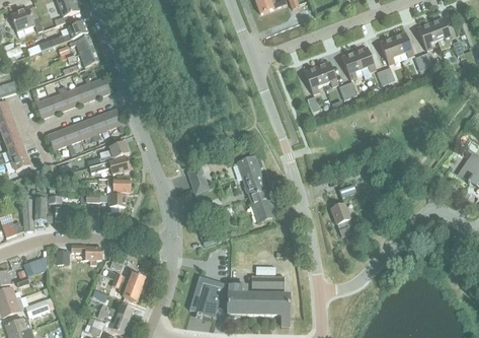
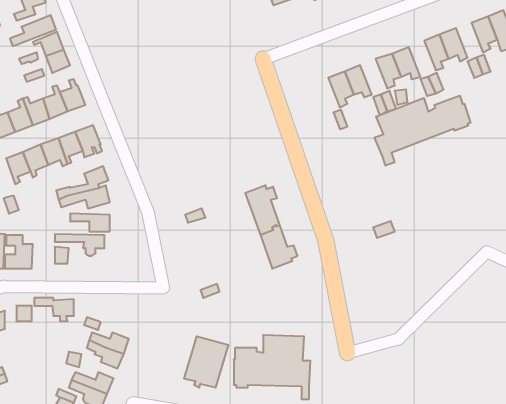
building: none -> [375,96,470,166]
building: [330,202,351,235] -> none

